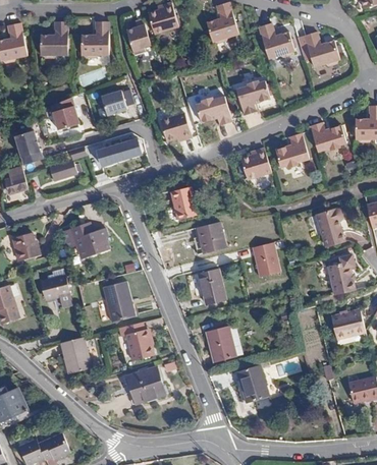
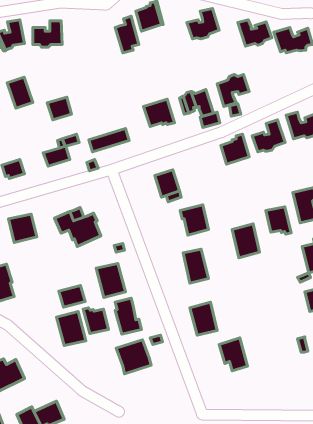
building: [80,23,112,52] -> none
building: [101,91,127,115] -> none
building: [14,131,42,165] -> [7,77,33,108]
building: none -> [266,207,291,234]
building: [40,278,68,301] -> [59,286,85,307]
building: none -> [83,308,109,333]

